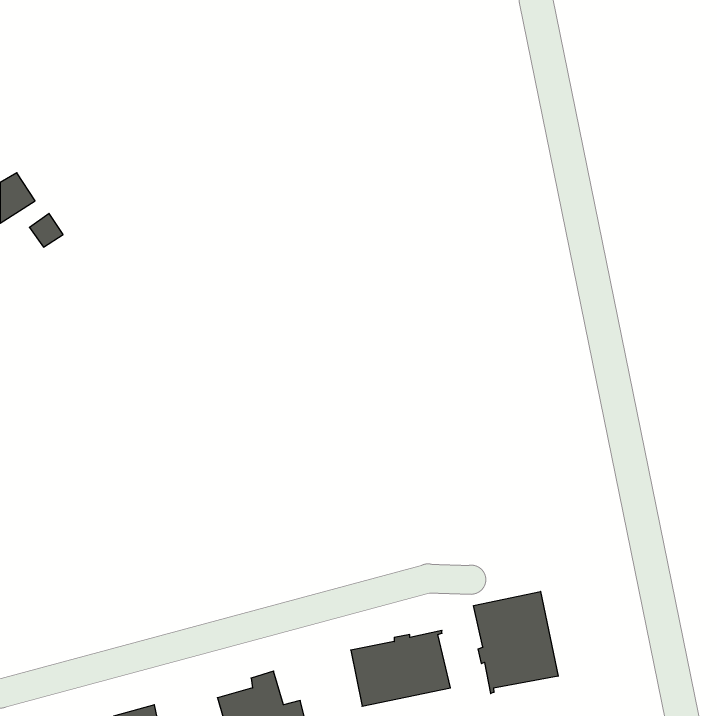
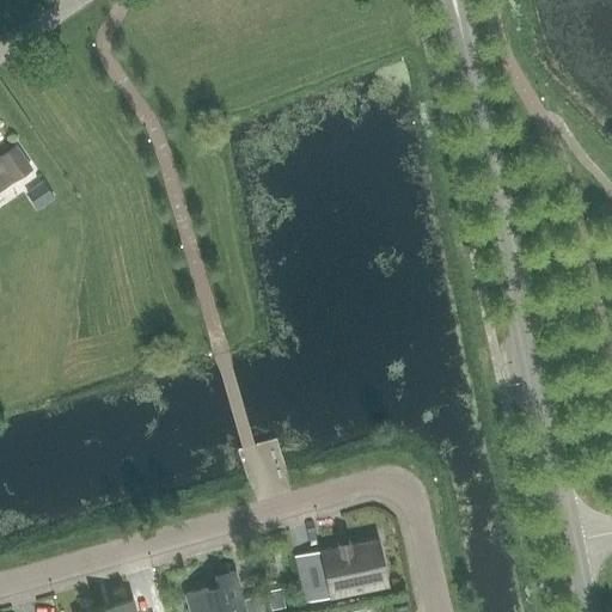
building: [474,591,558,694] -> none

